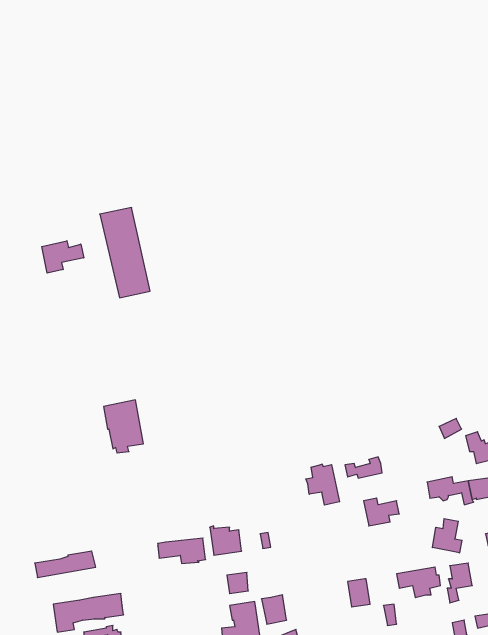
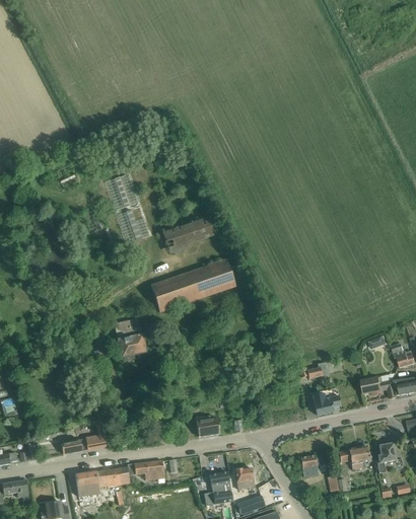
building: [42,241,84,273] -> none
building: none -> [165,214,220,250]
building: none -> [150,258,235,312]
building: [306,464,340,505] -> none
building: [432,519,462,553] -> none
building: [158,538,206,563] -> [127,460,163,479]

